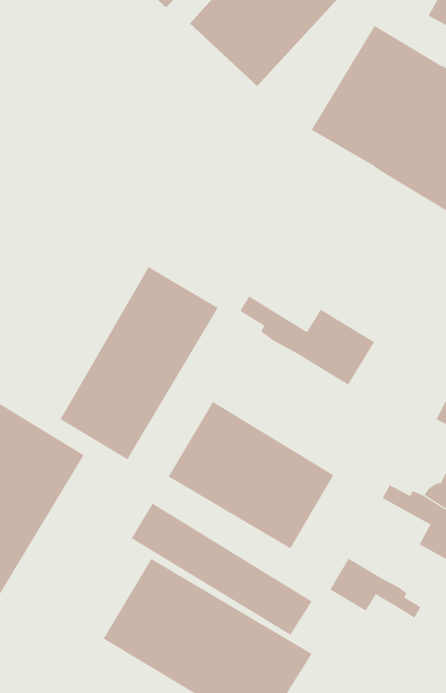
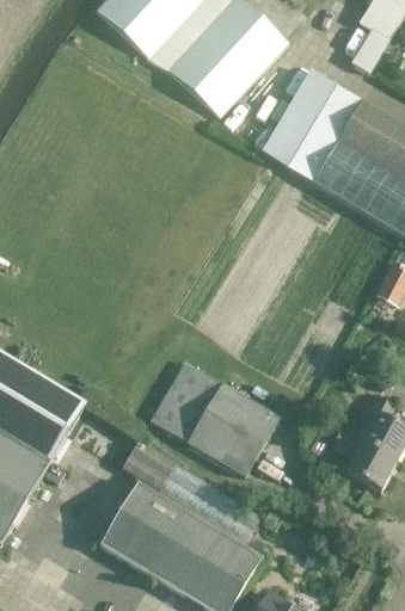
building: [60,266,218,460] -> none
building: [240,295,375,386] -> none
building: [330,558,421,618] -> none

